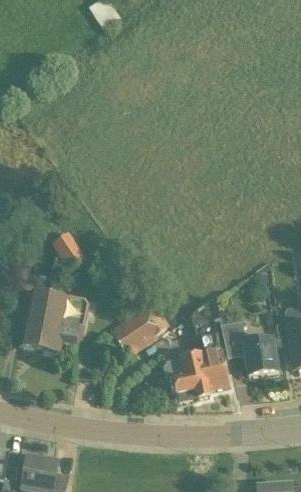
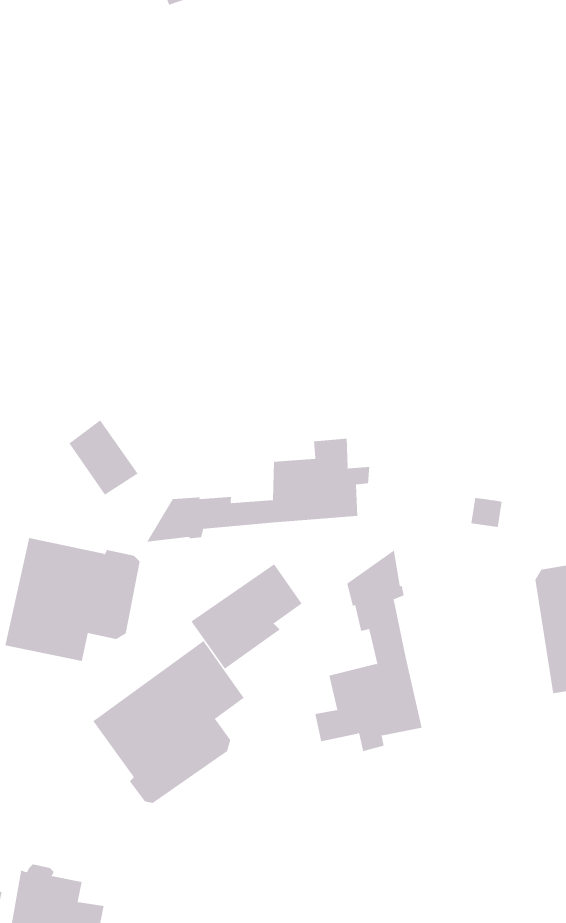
building: none -> [146,438,370,543]
building: [218,313,278,375] -> none
building: none -> [92,640,245,804]

